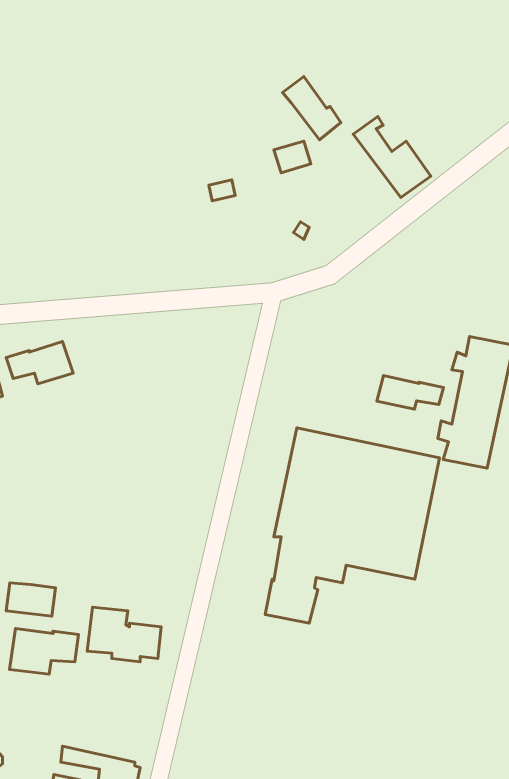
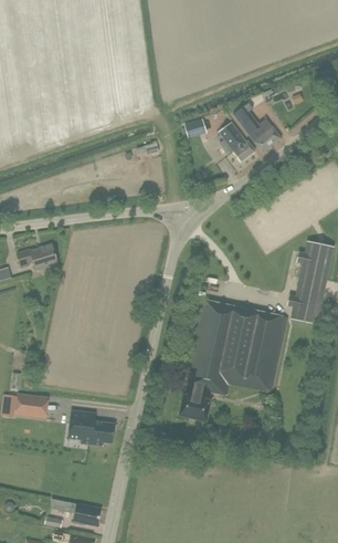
building: [283,77,341,140] -> [219,122,255,161]
building: [377,376,443,409] -> none
building: [10,628,79,674] -> none

